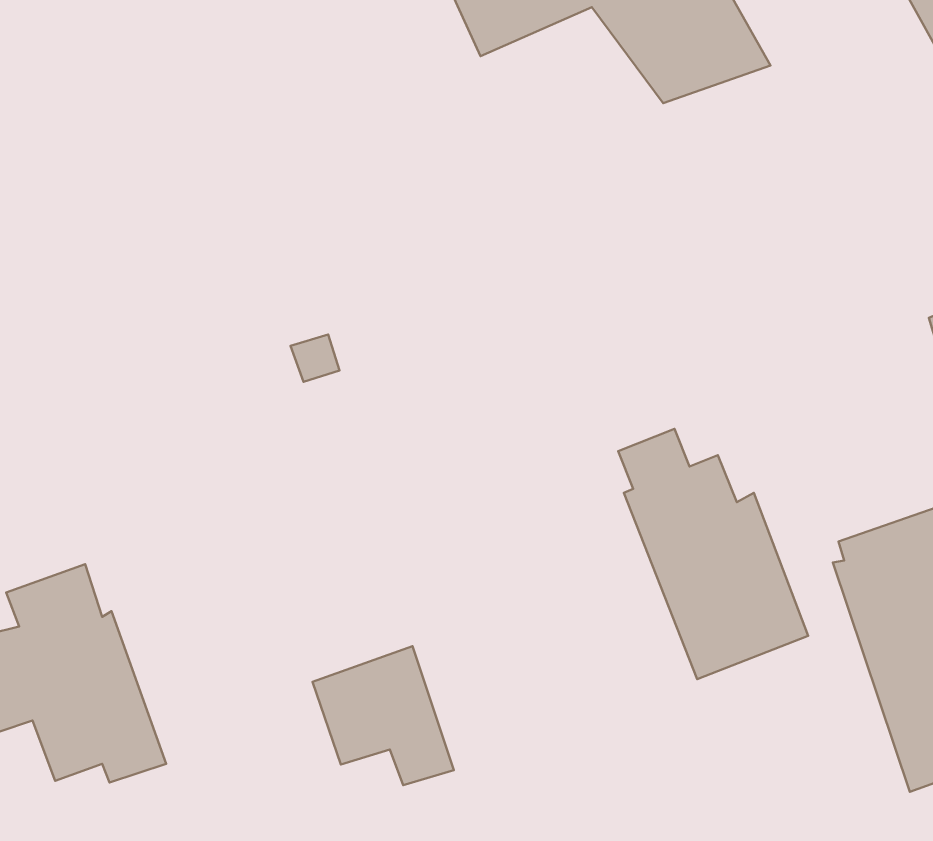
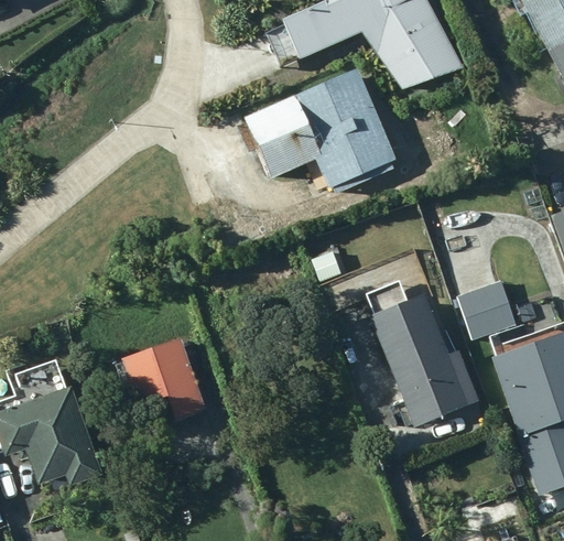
building: none -> [246,69,397,193]
building: none -> [458,279,516,336]
building: [313,646,454,785] -> [123,337,206,419]

